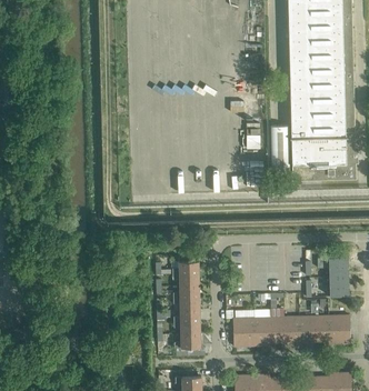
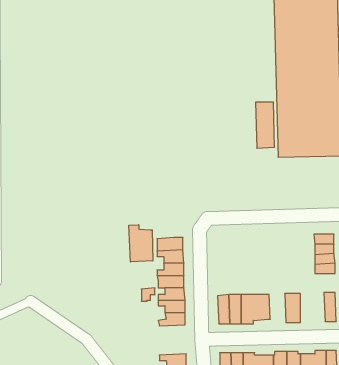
building: none -> [129,225,153,262]
building: [315,314,339,344] -> none
building: [283,315,300,344] -> none

